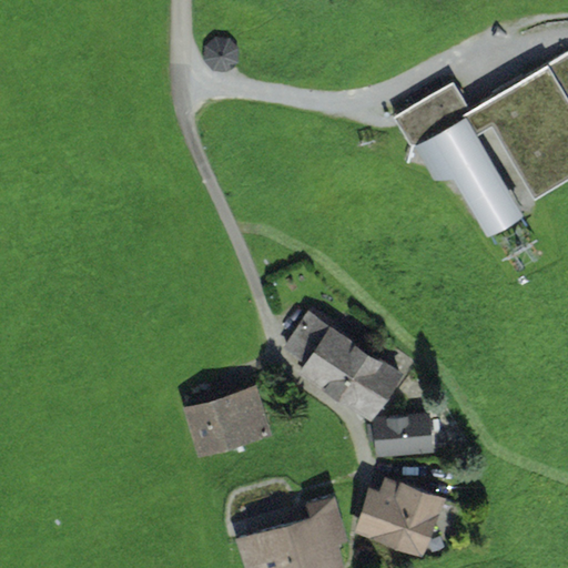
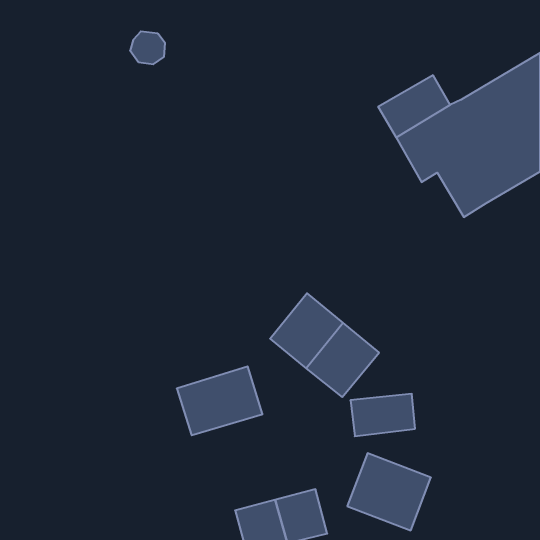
building: [202,37,239,71] -> [130,31,165,64]

